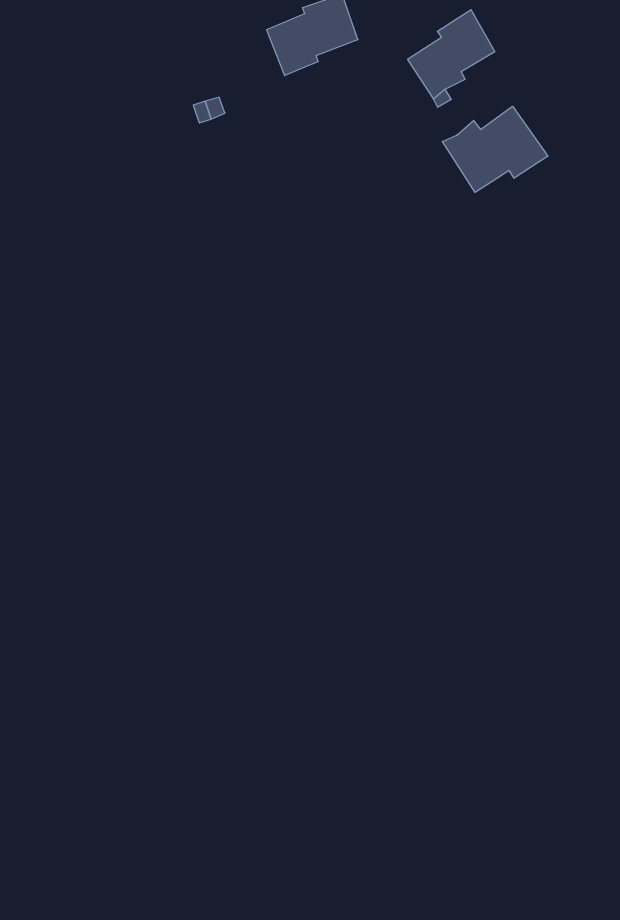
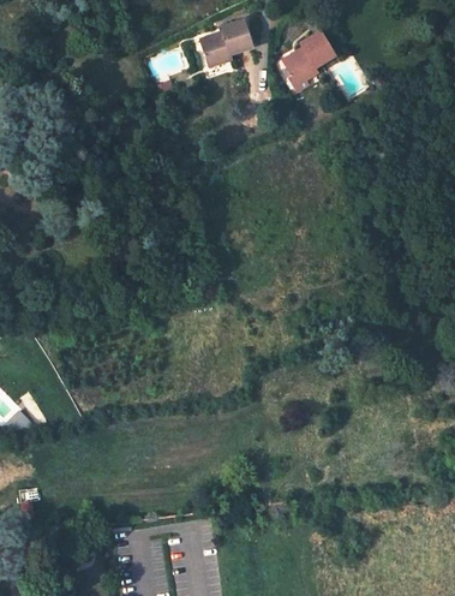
building: [442,106,548,192] -> none

